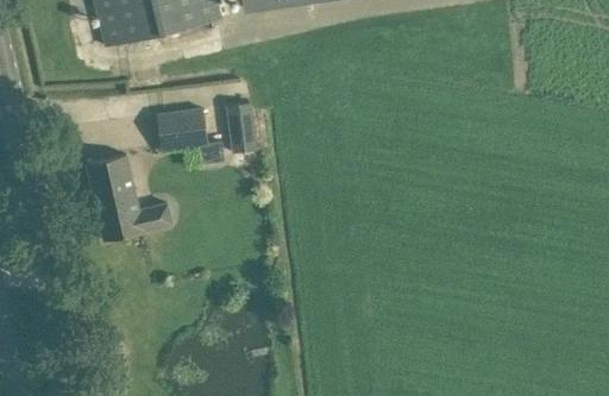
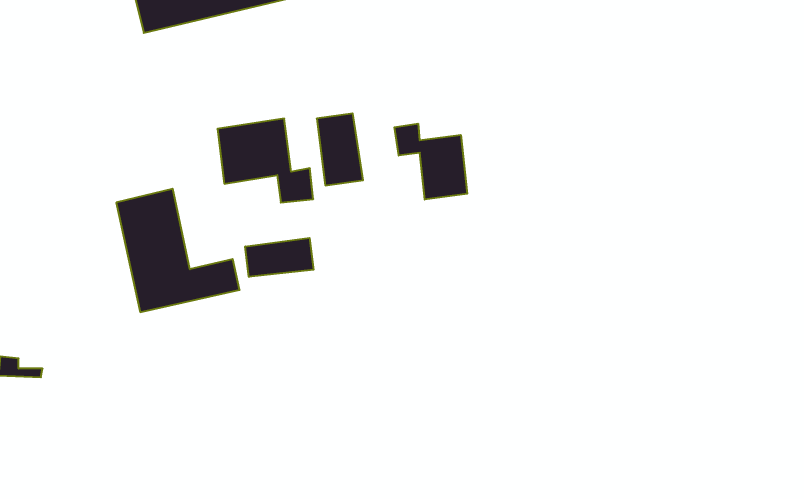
building: none -> [394,124,467,200]
building: none -> [245,238,314,277]

